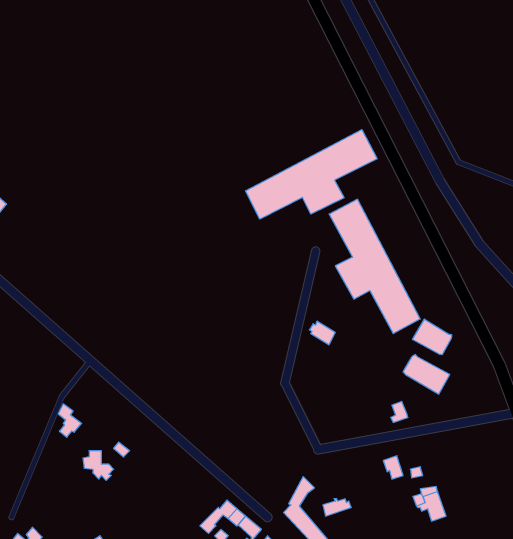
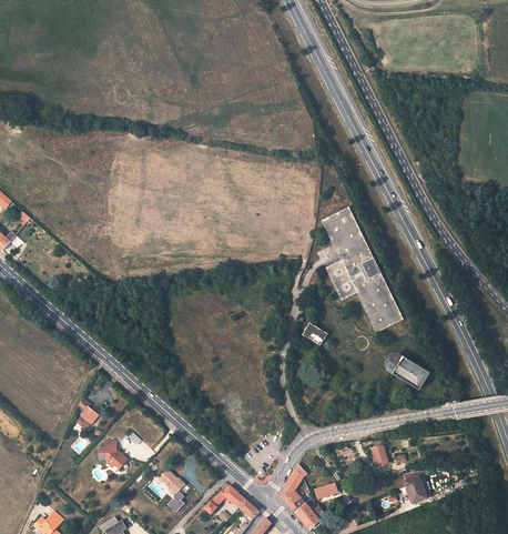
building: [246,130,377,219] -> none
building: [413,319,452,355] -> none
building: none -> [160,470,184,512]

